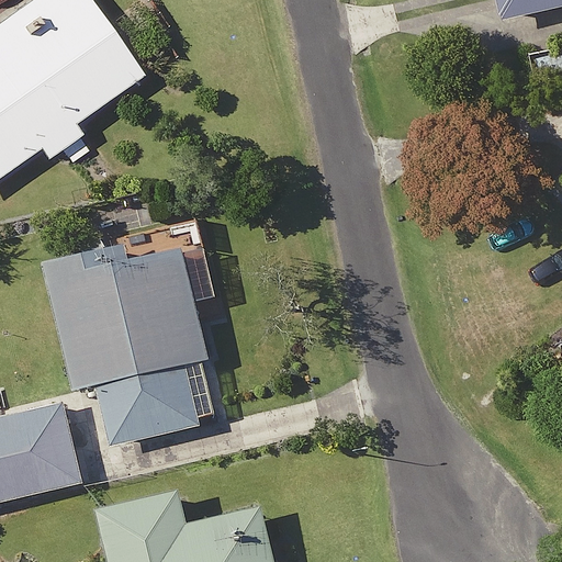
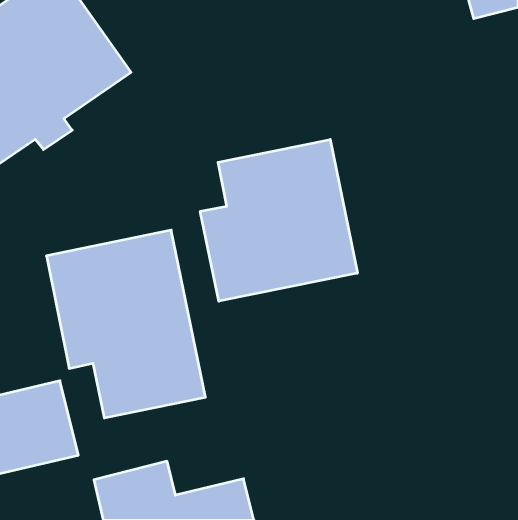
building: none -> [200,139,357,301]

